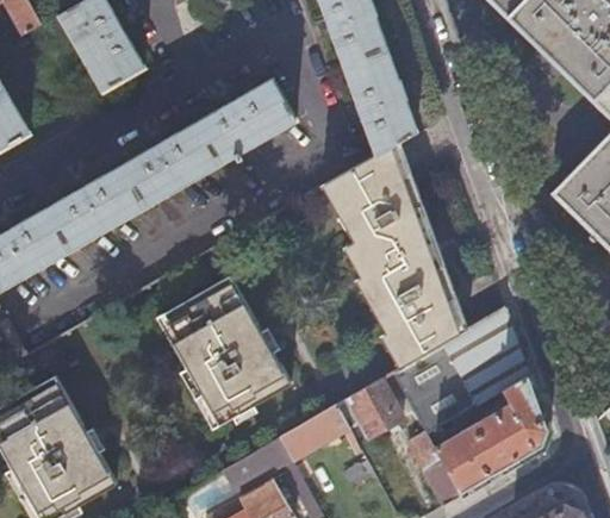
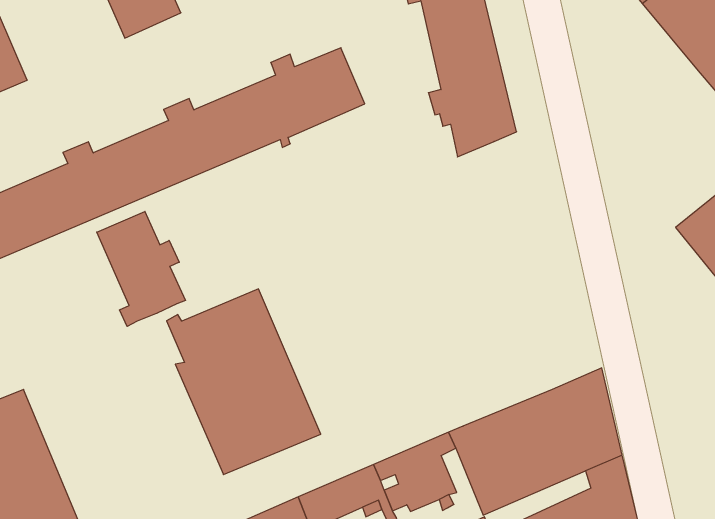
building: [326,141,468,367] -> none
building: none -> [97,211,185,326]

